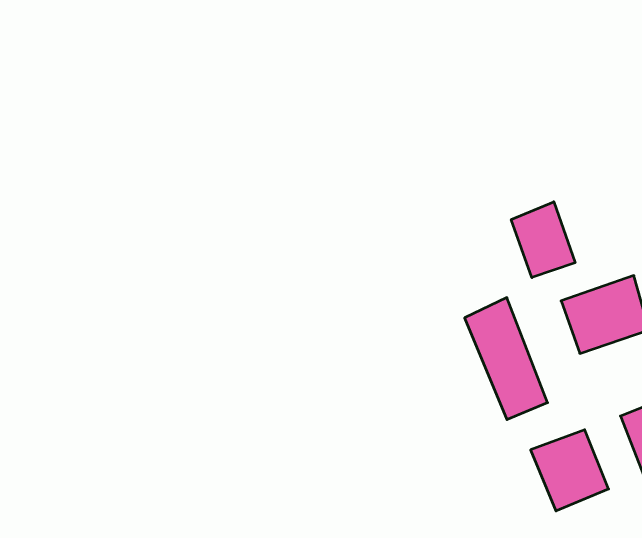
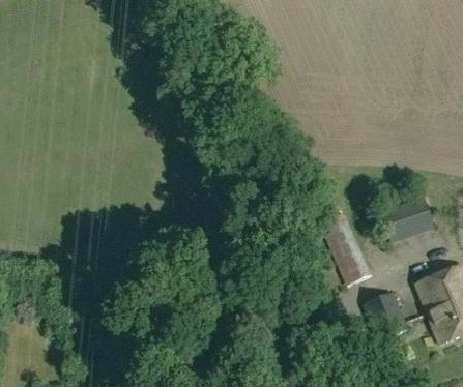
building: [511,202,575,278] -> none

